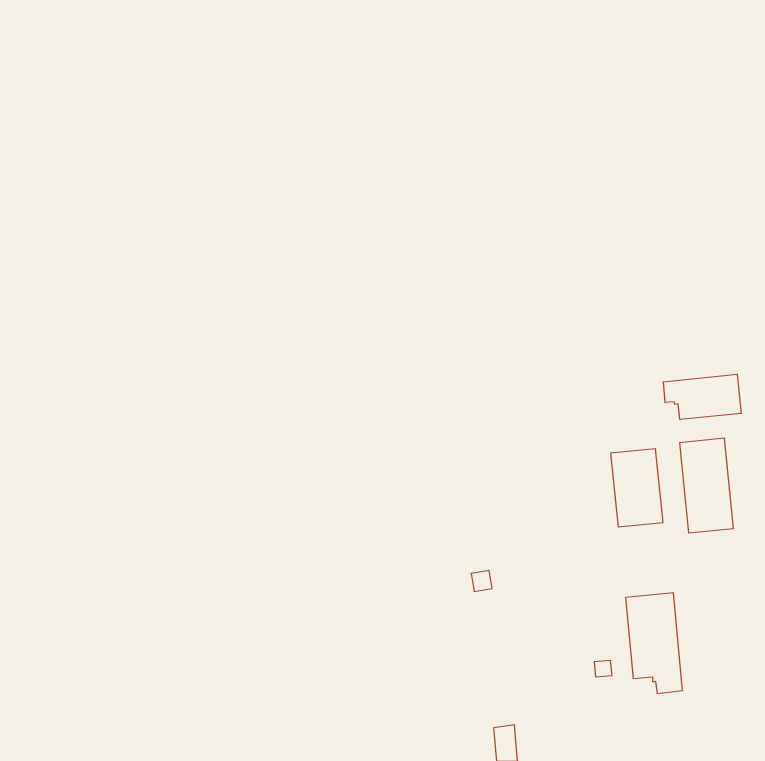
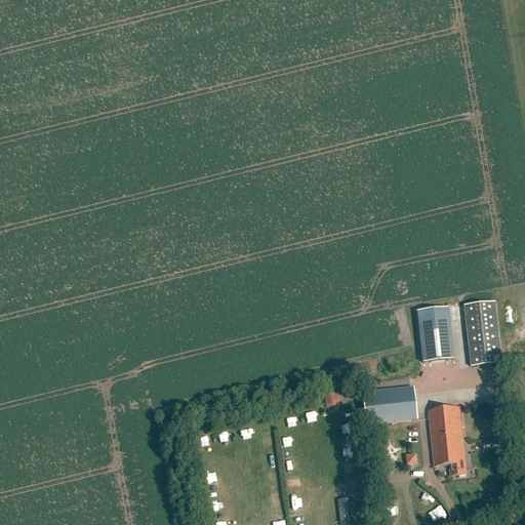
building: [664,374,741,420] -> none
building: none -> [361,385,416,422]

